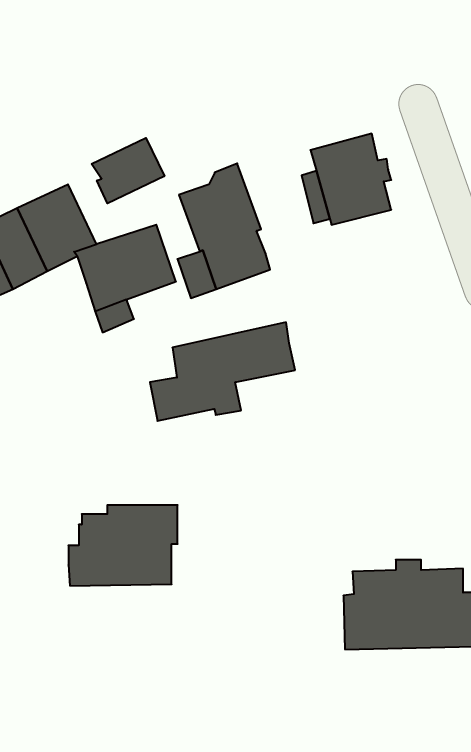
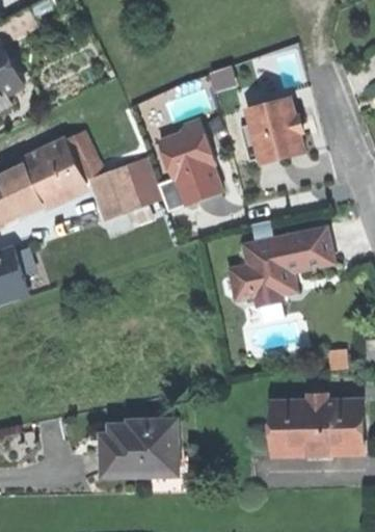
building: [92,138,164,203] -> none
building: [150,322,295,421] -> [231,228,331,296]
building: [68,505,178,586] -> [101,421,177,477]

